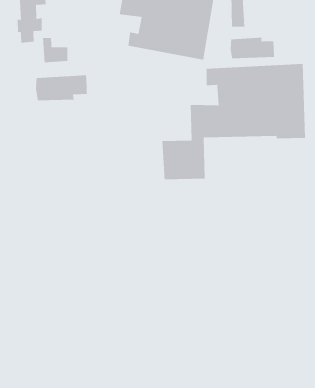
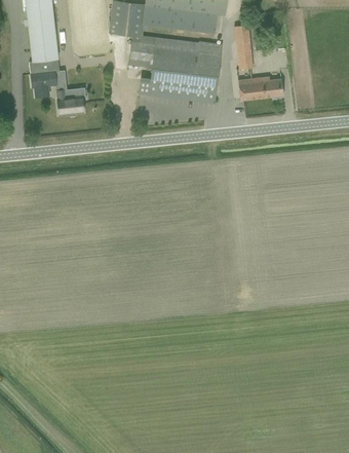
building: [162,63,306,180] -> none
building: [35,74,87,101] -> none

